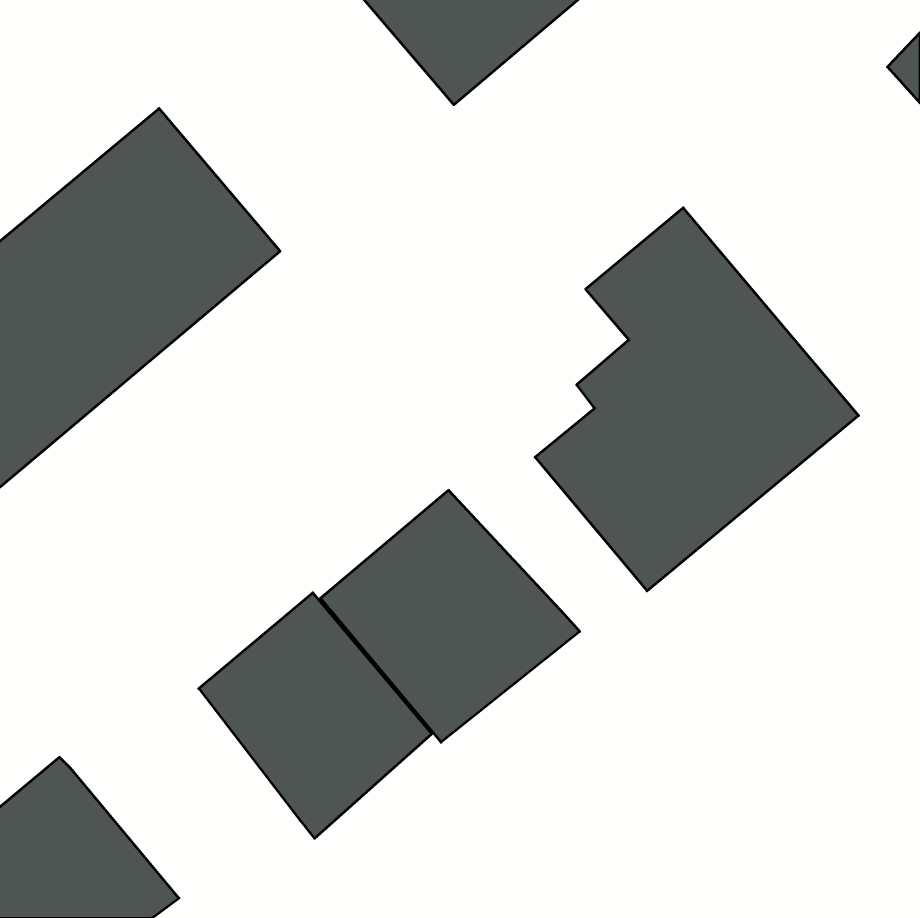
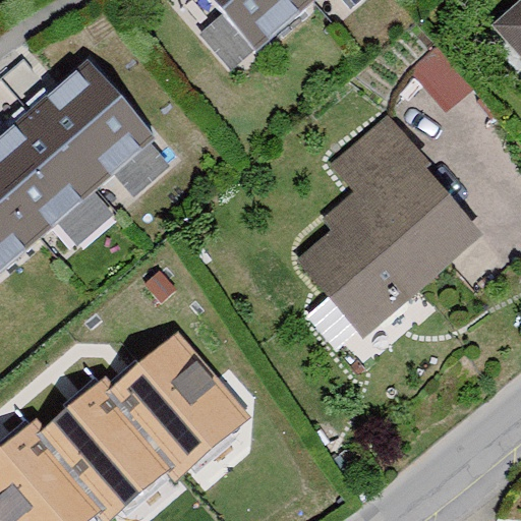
building: [320,490,580,742] -> none
building: none -> [40,378,169,512]

